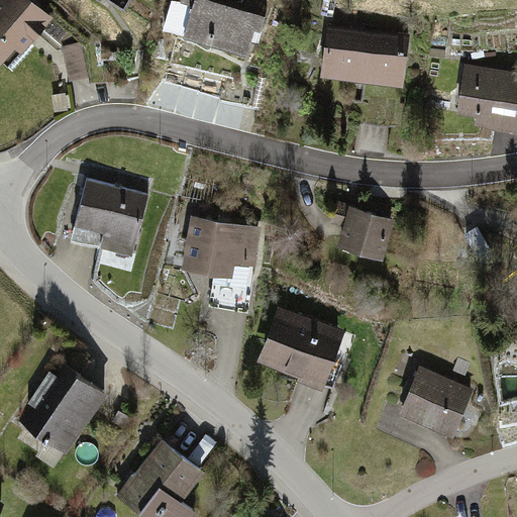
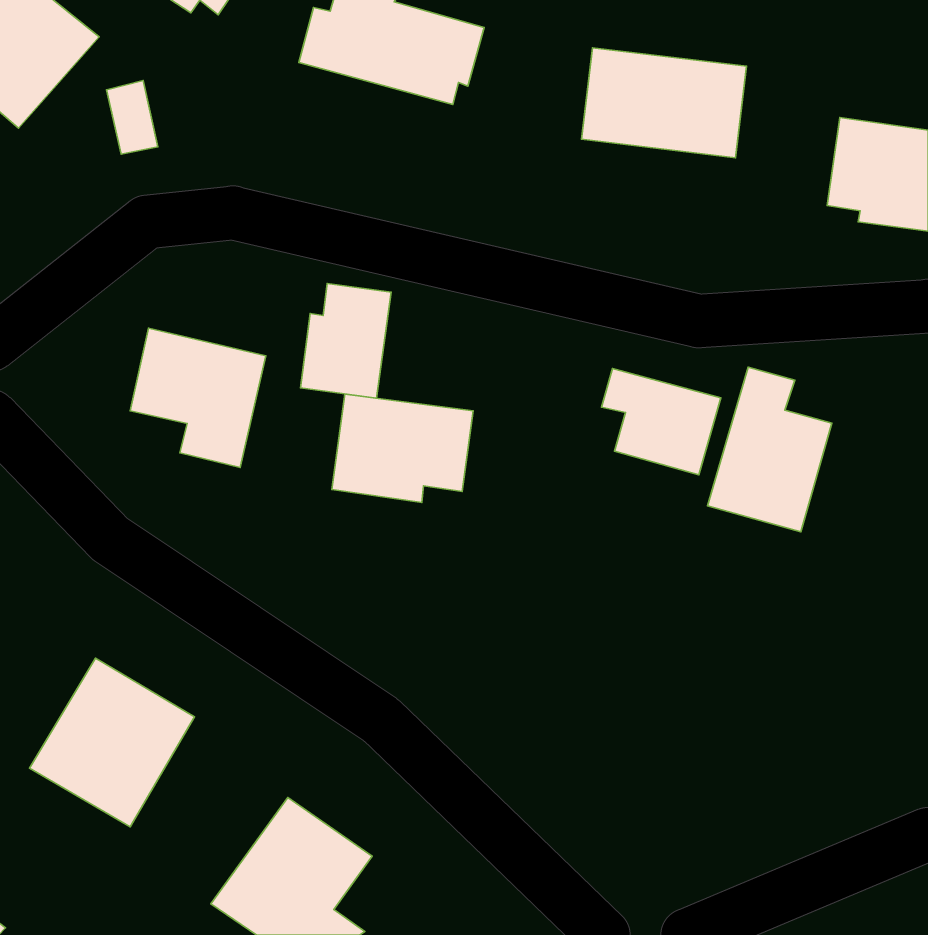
building: none -> [301,284,391,398]
building: none -> [707,367,832,532]
building: [253,307,346,390] -> none
building: [399,367,478,436] -> none

